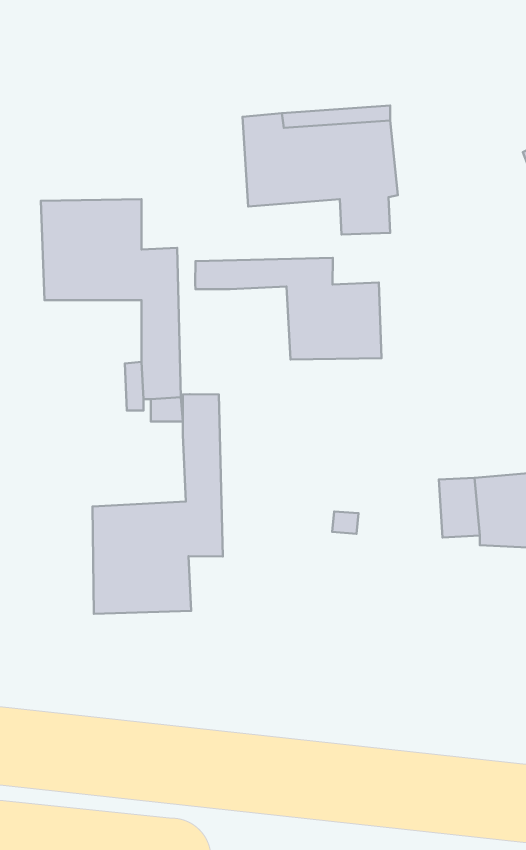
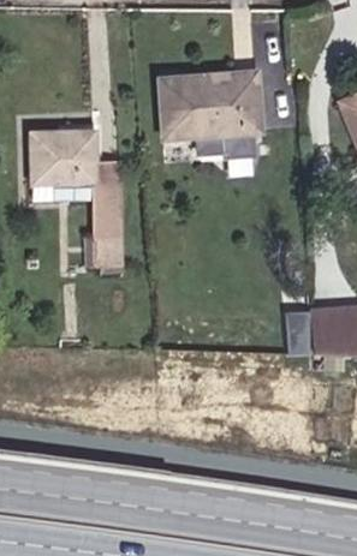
building: [195,258,381,359] -> none
building: [92,394,223,614] -> none

